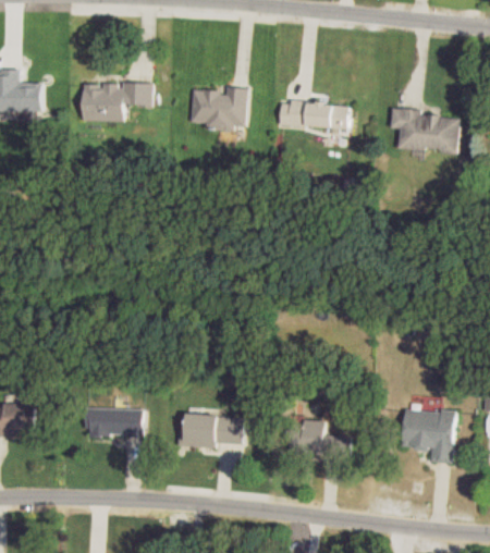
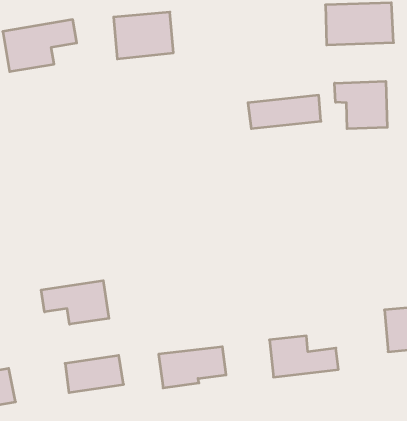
building: [279,101,348,131] -> [248,95,321,129]
building: none -> [335,81,387,129]
building: none -> [41,281,109,324]

